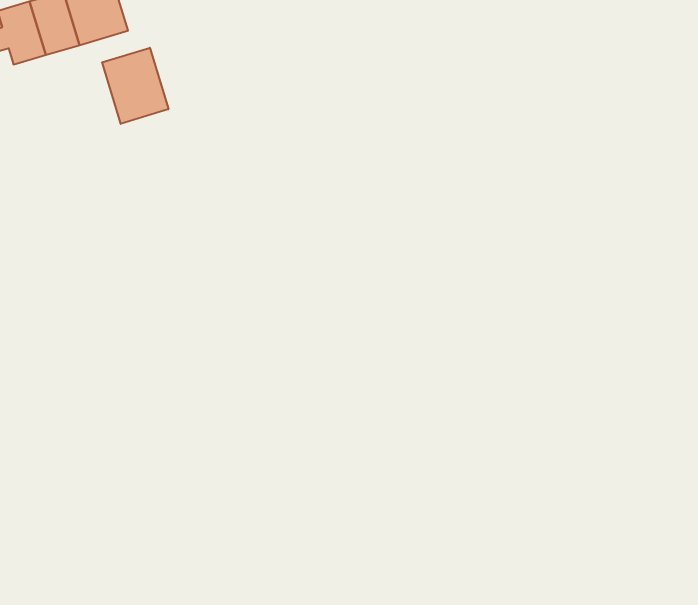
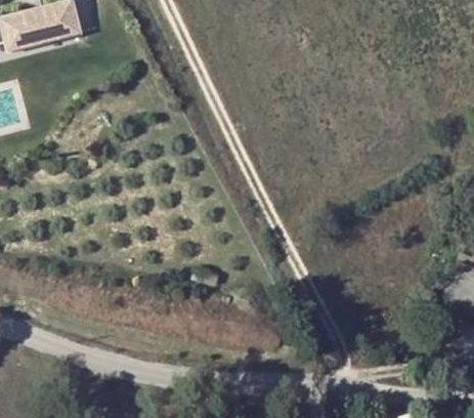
building: [102,48,168,124] -> none

